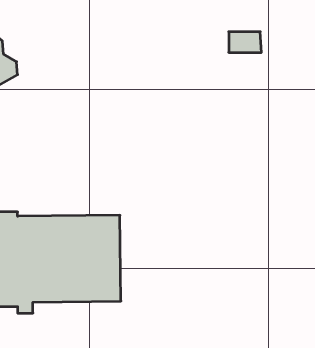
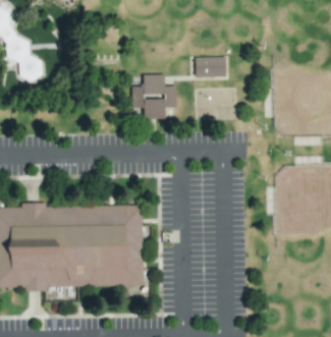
building: [229,32,261,52] -> [197,56,227,75]
building: none -> [132,73,177,118]

